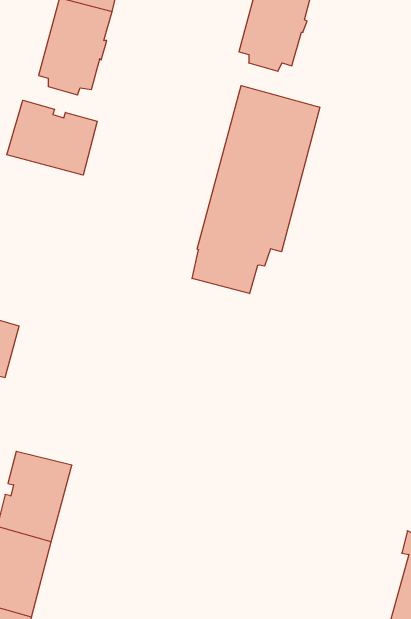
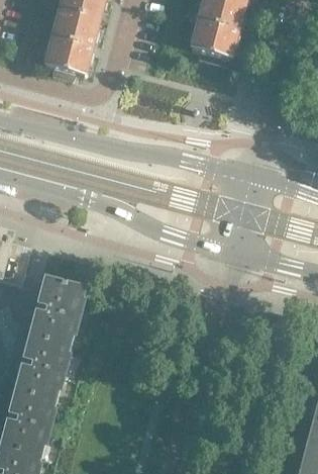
building: [192,86,320,294] -> none
building: [7,100,97,175] -> none
building: none -> [29,278,84,344]

